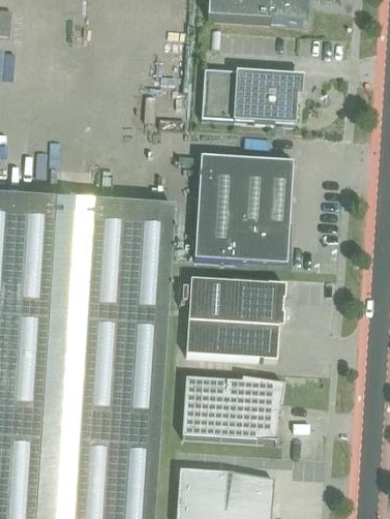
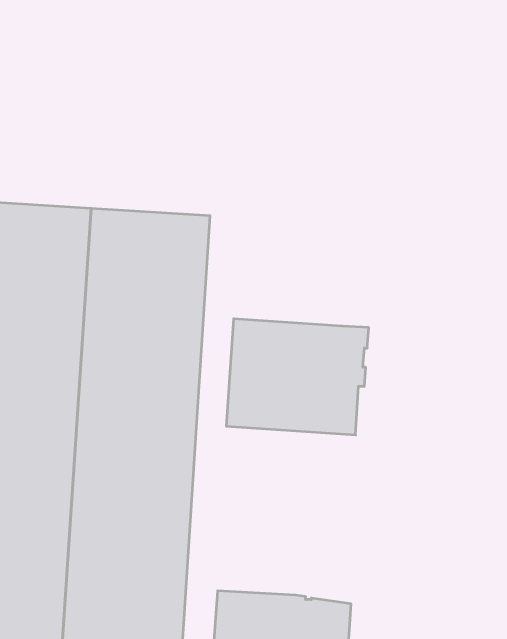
building: [202,67,299,130] -> none
building: [194,154,294,263] -> none
building: [180,375,280,441] -> none

